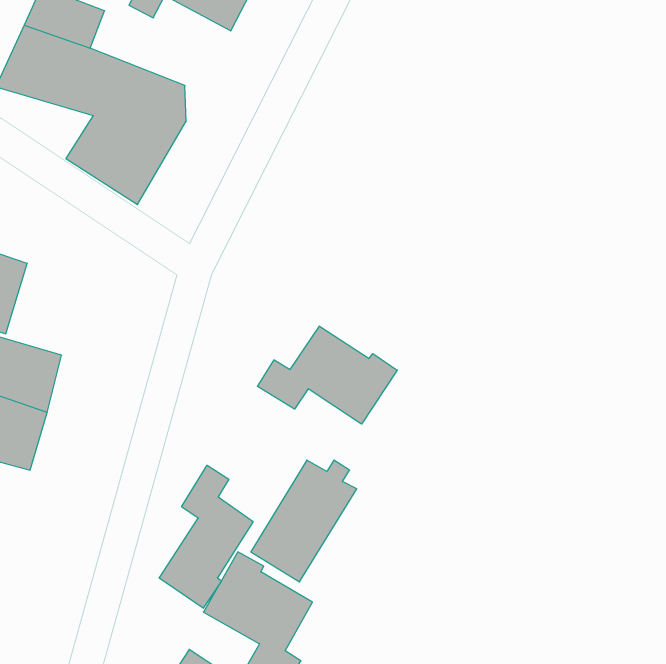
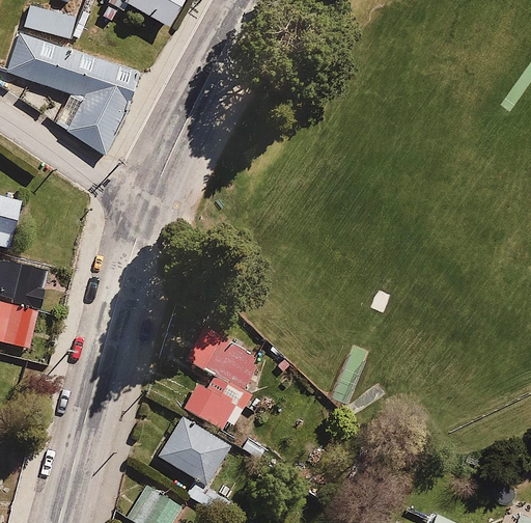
building: [257,326,397,424] -> none
building: [159,465,253,608] -> none

